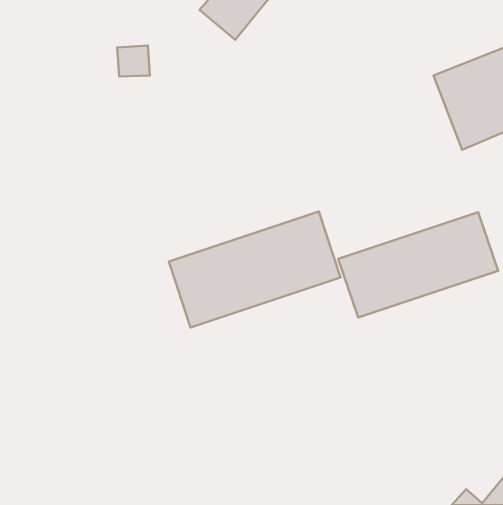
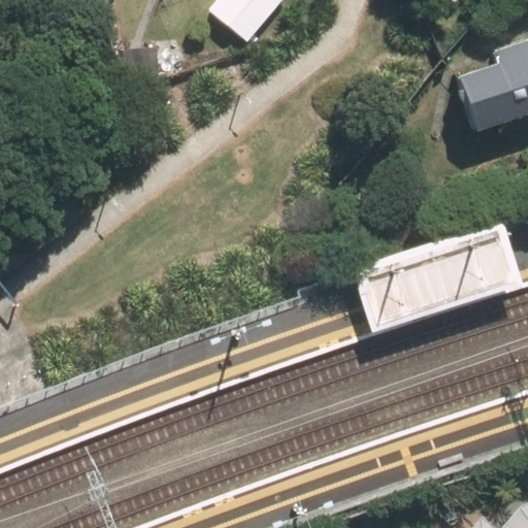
building: [169,211,341,327] -> none

